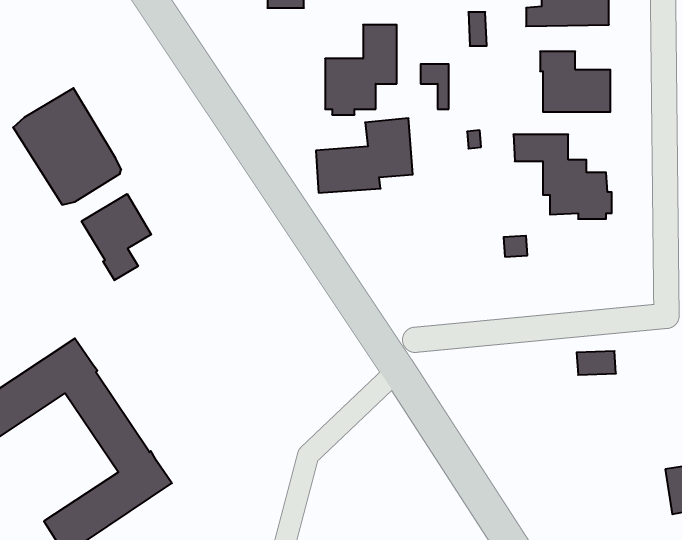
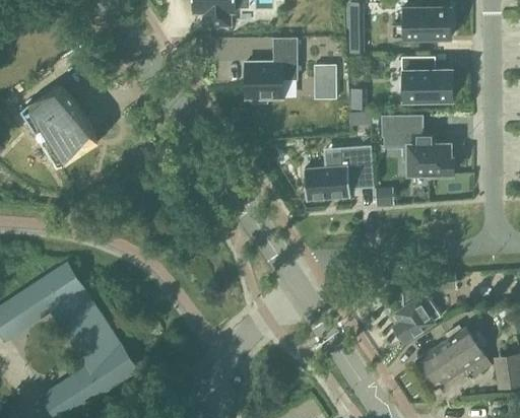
building: [316,118,413,193] -> [304,146,374,200]
building: [82,194,151,280] -> none
building: none -> [393,290,440,342]
building: none -> [417,326,490,393]

